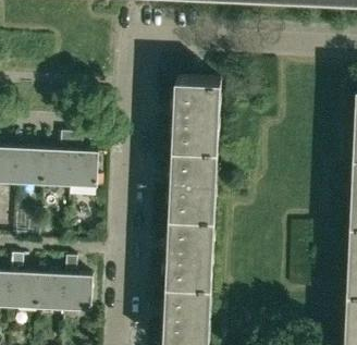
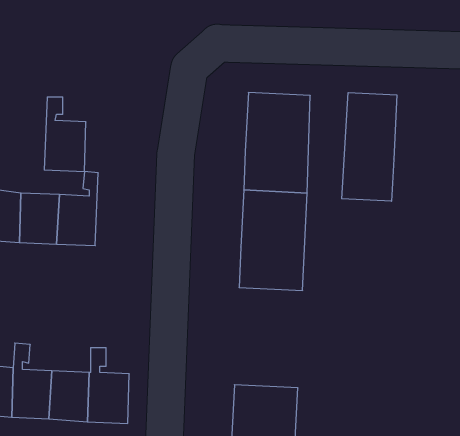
building: none -> [342,93,397,201]
building: [67,136,97,188] -> [44,97,86,171]
building: [165,217,213,287] -> none

